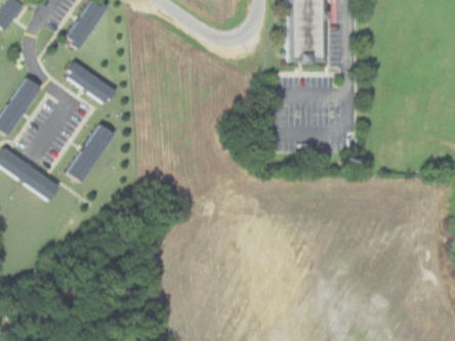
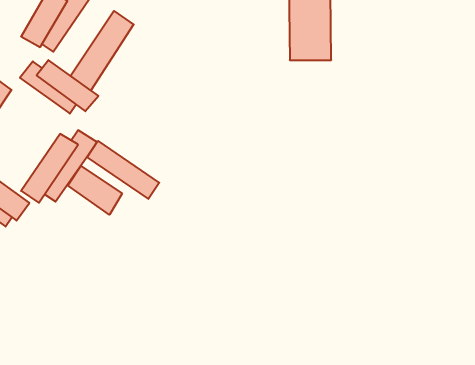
building: none -> [71,11,134,90]
building: none -> [87,141,159,199]
building: none -> [68,166,122,215]

